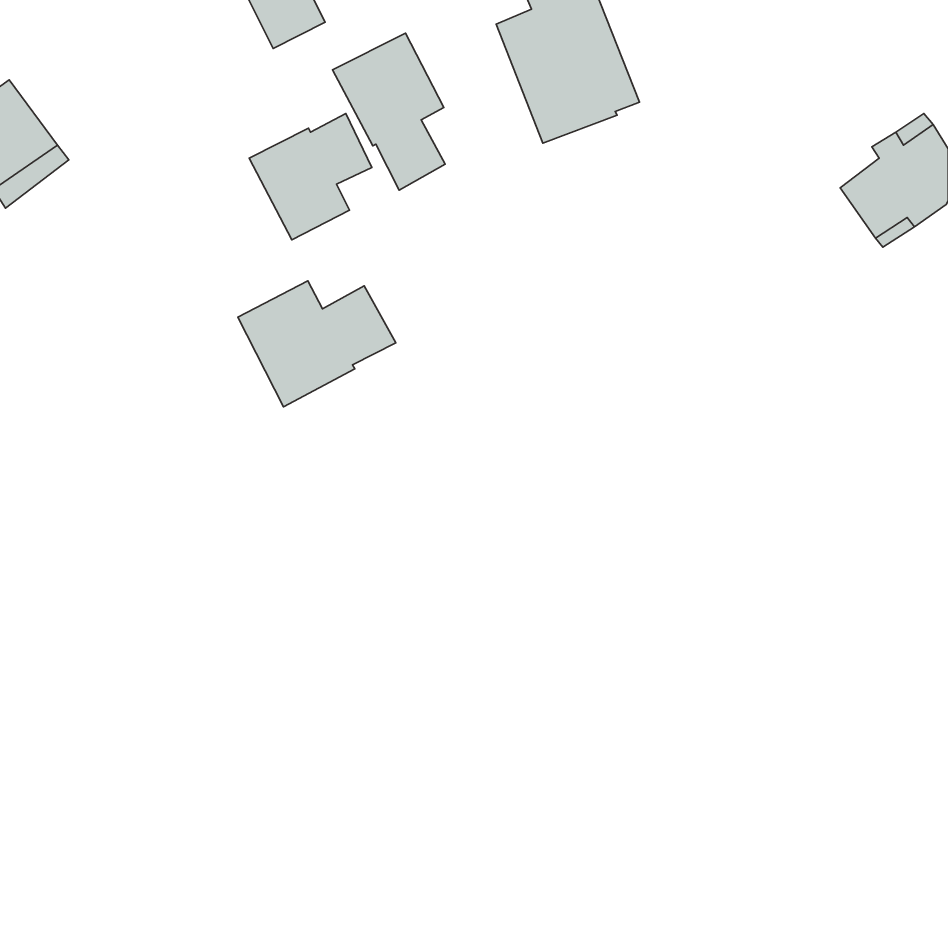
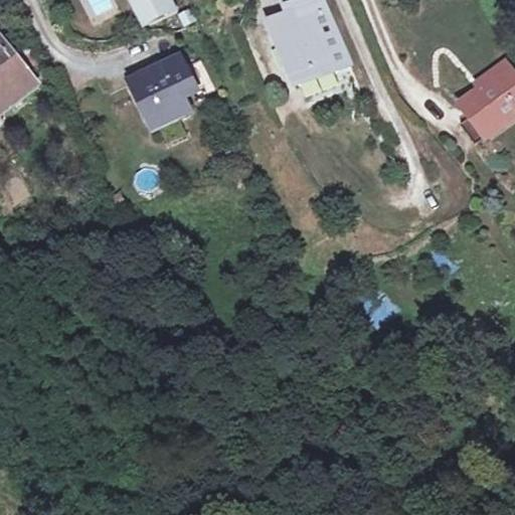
building: [333,33,445,190] -> none
building: [238,281,396,407] -> none

